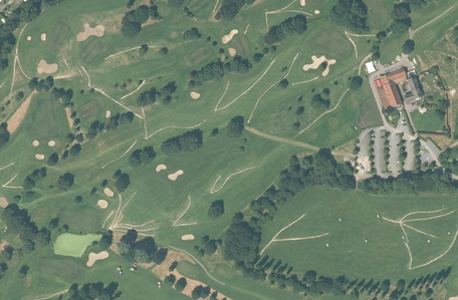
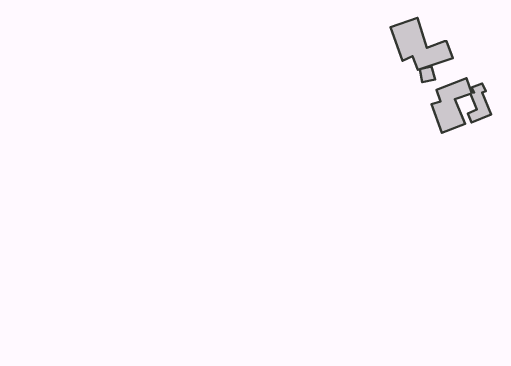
building: none -> [390,18,453,70]

